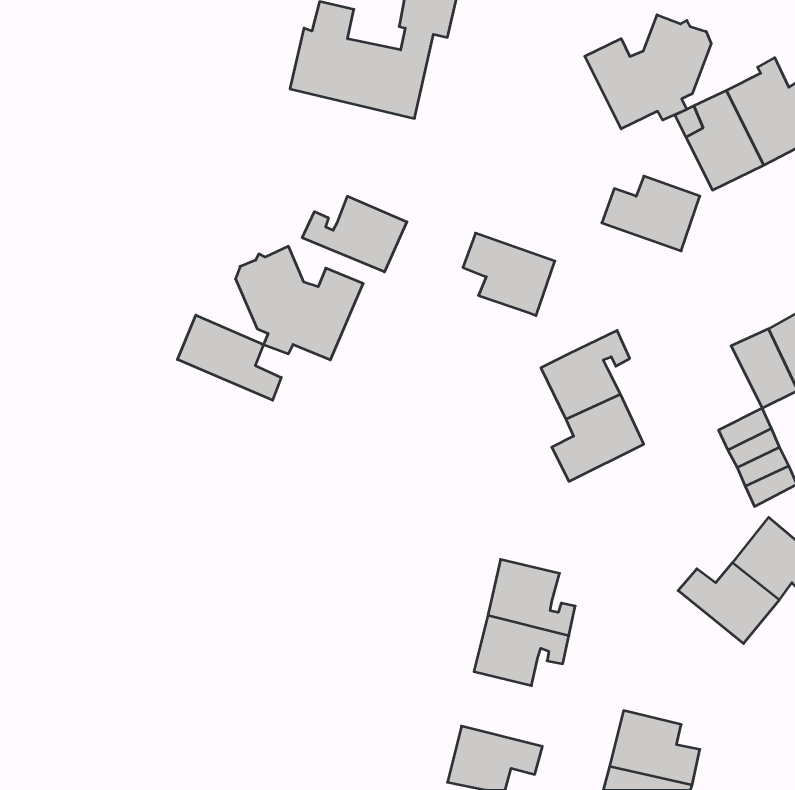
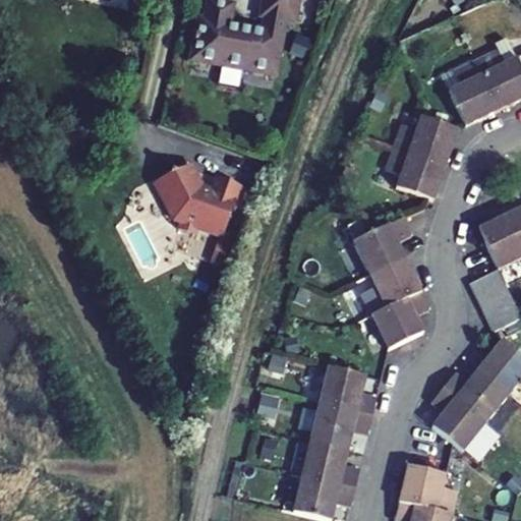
building: [585,15,711,129] -> none
building: [302,196,407,272] -> none
building: [463,233,555,316] -> [386,146,446,199]
building: [177,315,281,400] -> none
building: none -> [372,290,429,348]
building: none -> [431,386,486,450]
building: none -> [302,439,359,487]

